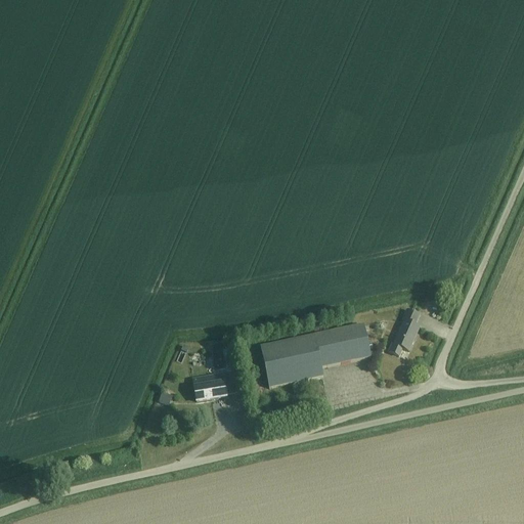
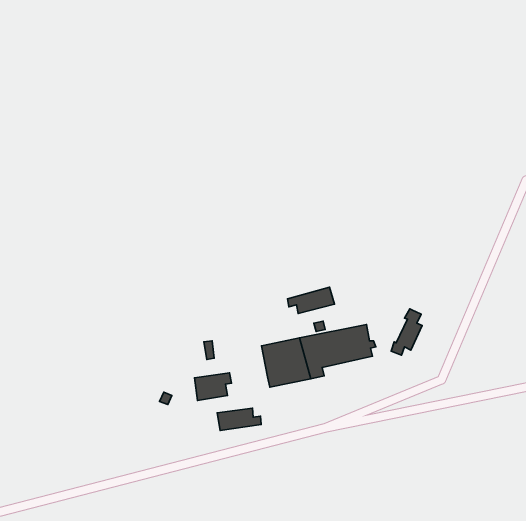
building: none -> [287,287,334,314]
building: none -> [217,408,261,431]

